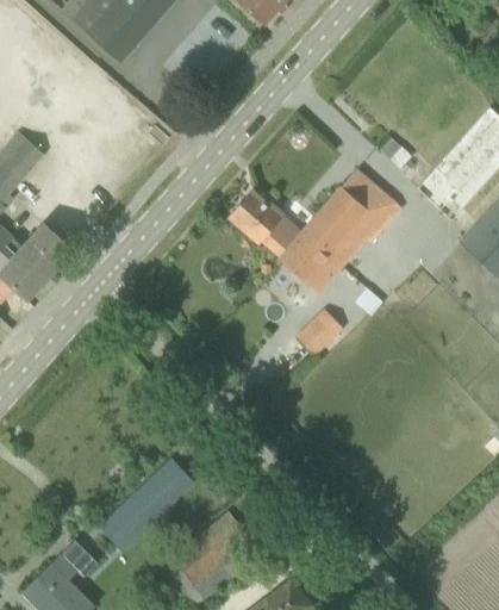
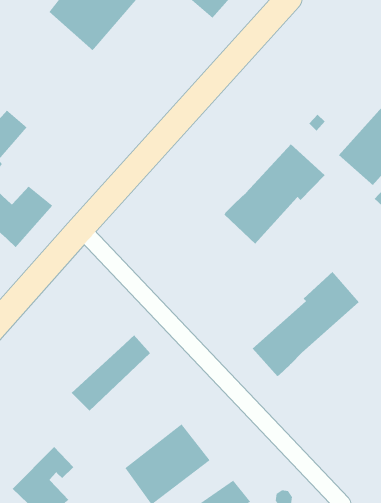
building: [230,191,304,256] -> none
building: [297,309,342,353] -> none
building: none -> [252,271,359,377]
building: [95,458,192,550] -> [71,334,151,412]

